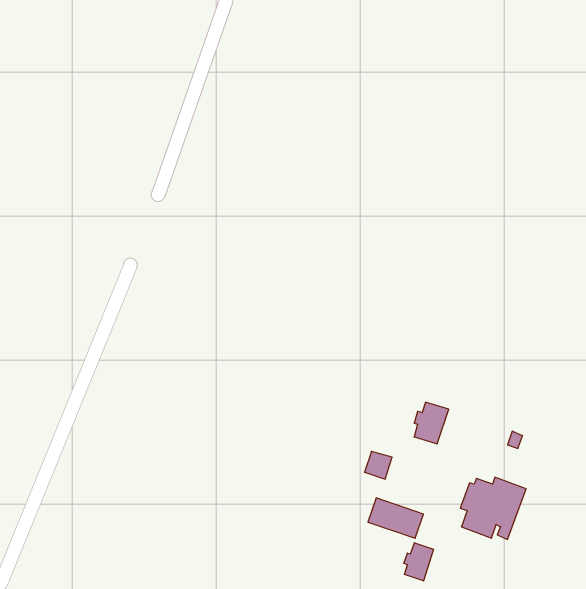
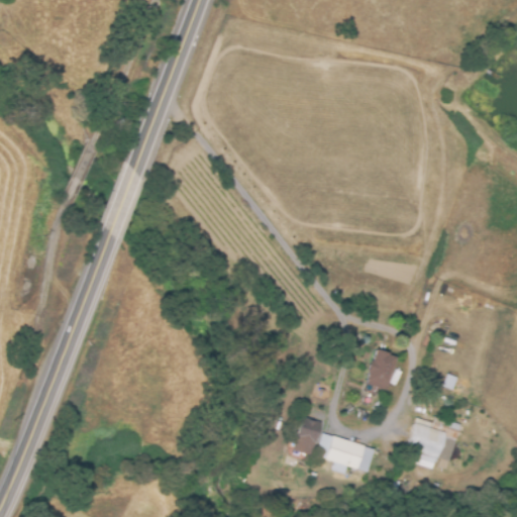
building: [364,451,392,479] -> [296,418,320,442]
building: [404,543,433,581] -> none

